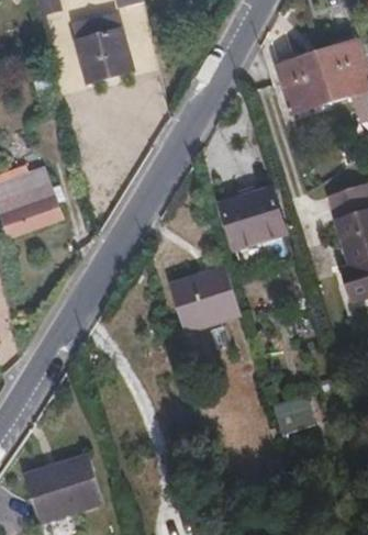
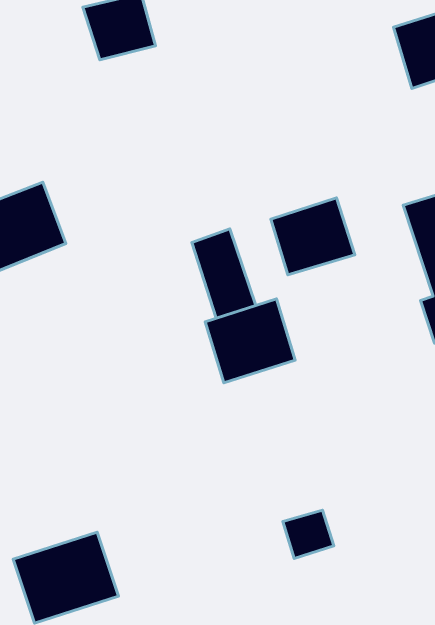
building: [276,54,331,114] -> none
building: none -> [192,229,256,318]
building: [275,389,314,426] -> [283,510,334,559]

